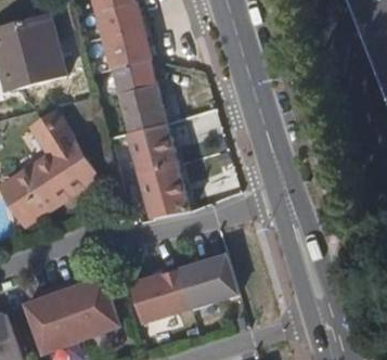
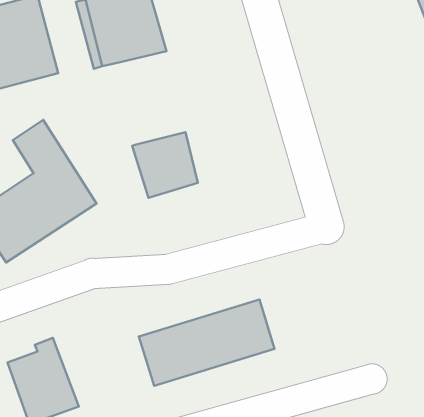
building: [111,59,167,132] -> none
building: [138,163,192,219] -> none
building: [62,277,120,339] -> none

